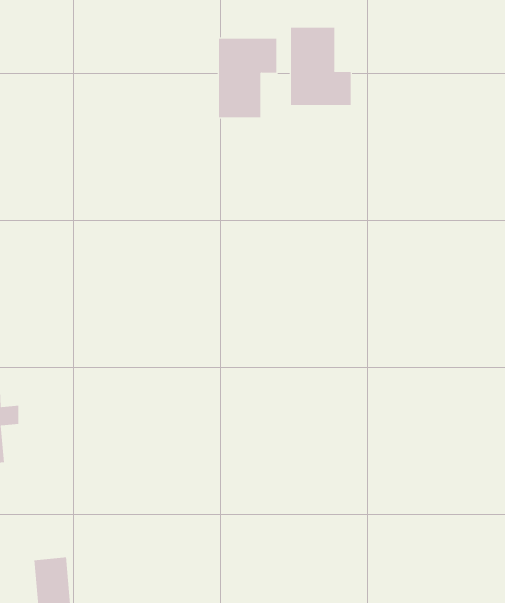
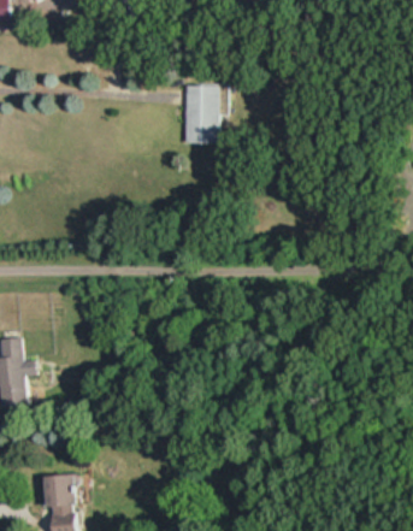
building: [290,27,351,106] -> none

